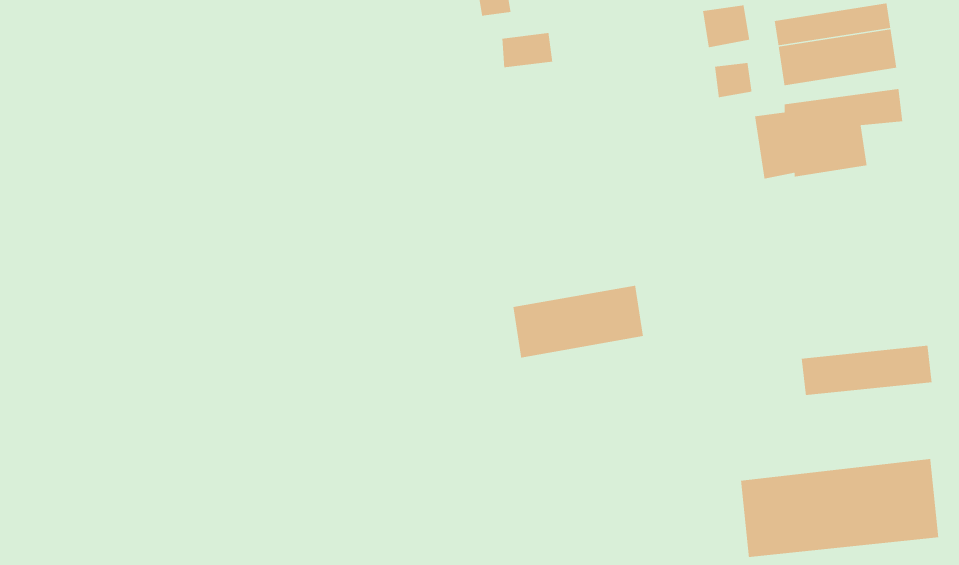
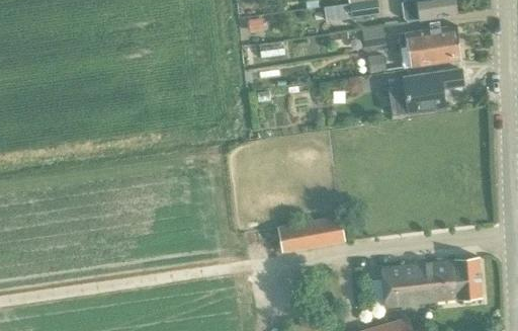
building: [513,285,644,358] -> [277,216,344,253]
building: [801,345,933,396] -> none

